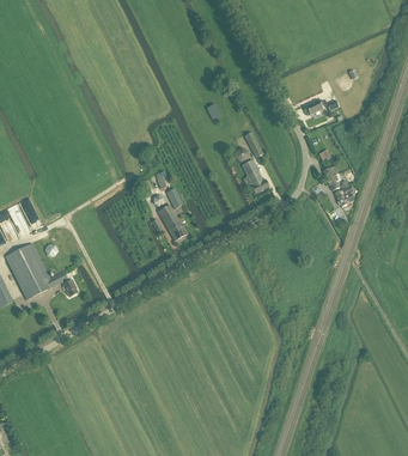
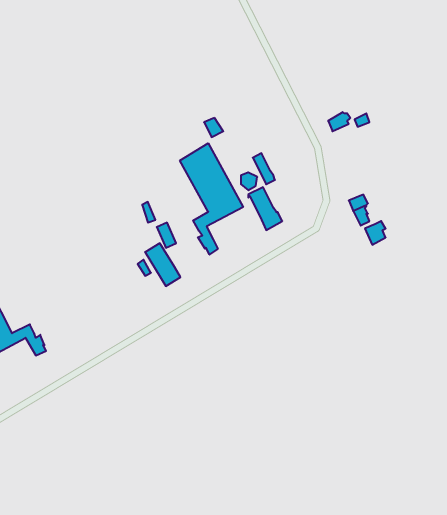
building: none -> [180,143,243,255]

